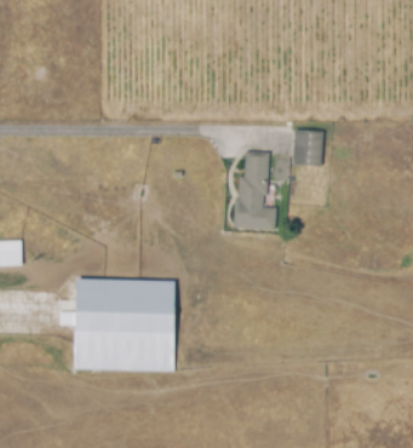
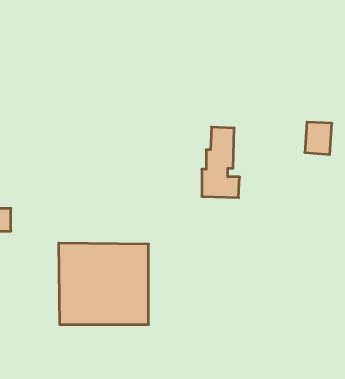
building: [292,130,322,166] -> [305,122,332,155]

